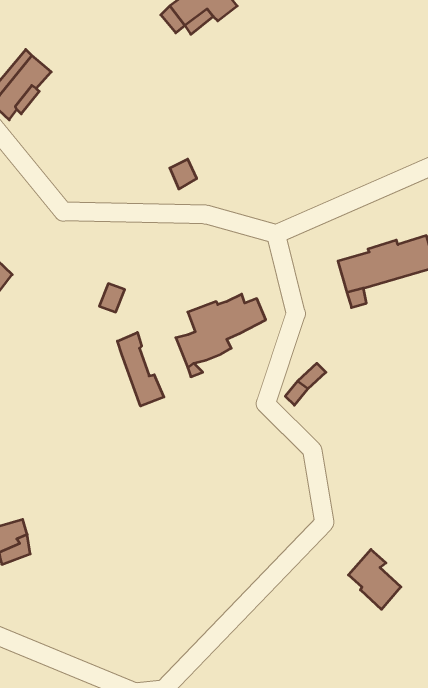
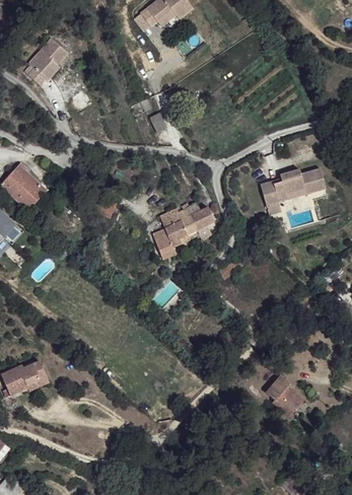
building: [117,332,164,406] -> none

